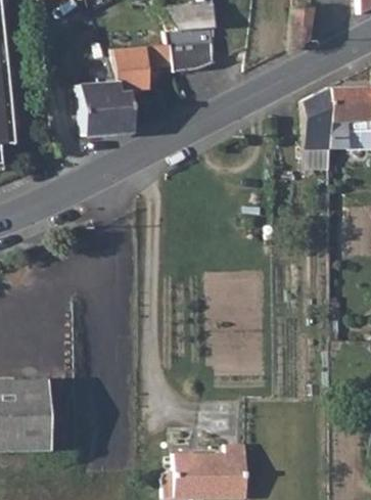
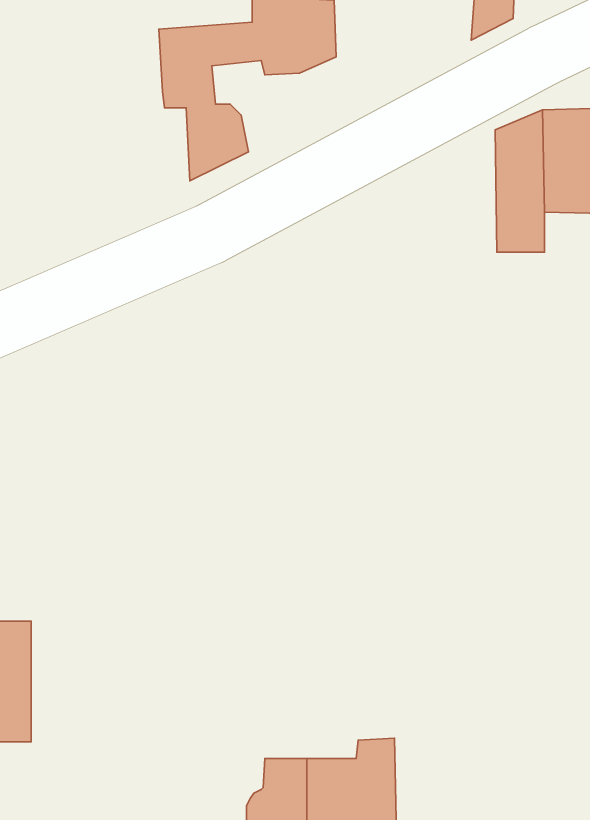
building: [80,81,129,135] -> none

